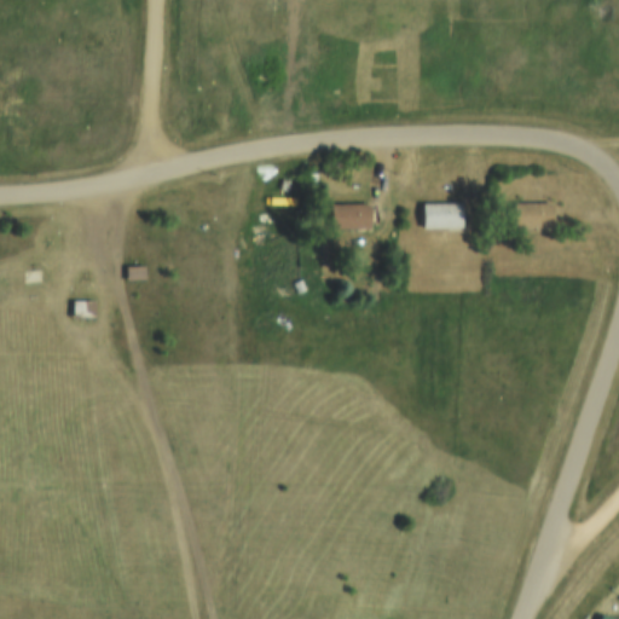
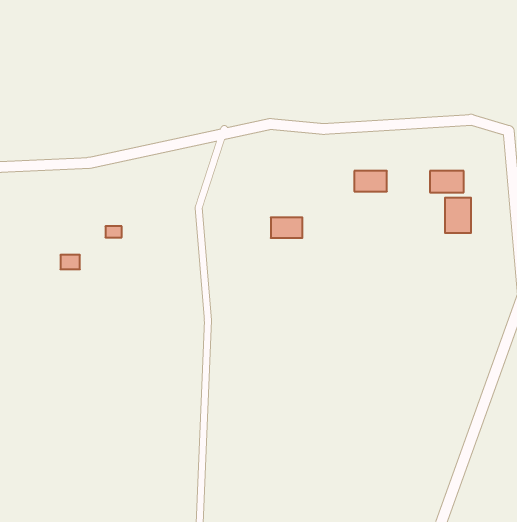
building: [334,203,371,227] -> [271,217,302,238]
building: none -> [445,198,471,233]

